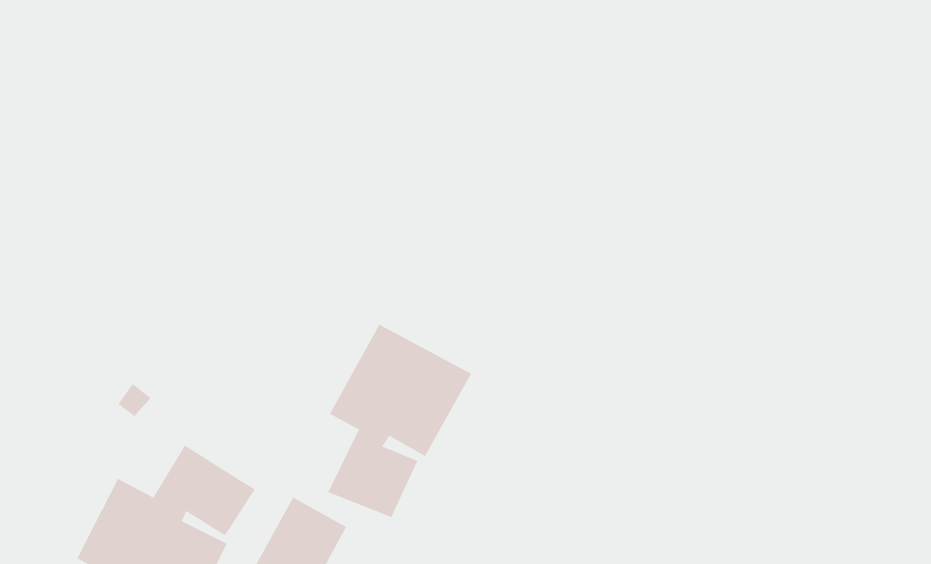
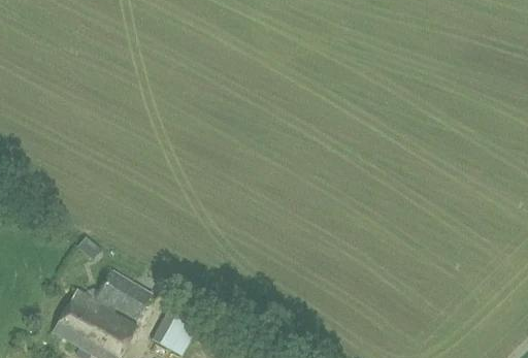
building: [328,324,472,518] -> none

